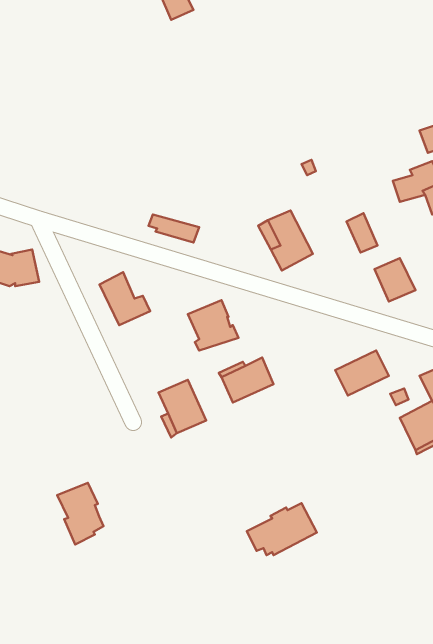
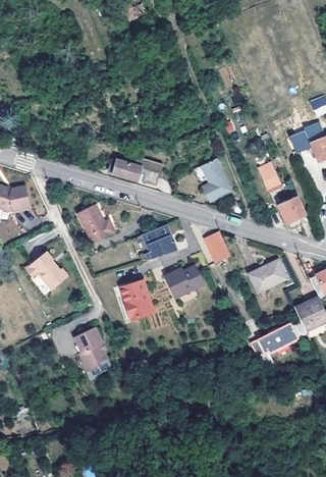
building: none -> [204,230,231,263]
building: none -> [32,248,73,284]
building: [57,483,103,544] -> [74,328,108,373]
building: [247,503,317,555] -> [252,321,303,359]

